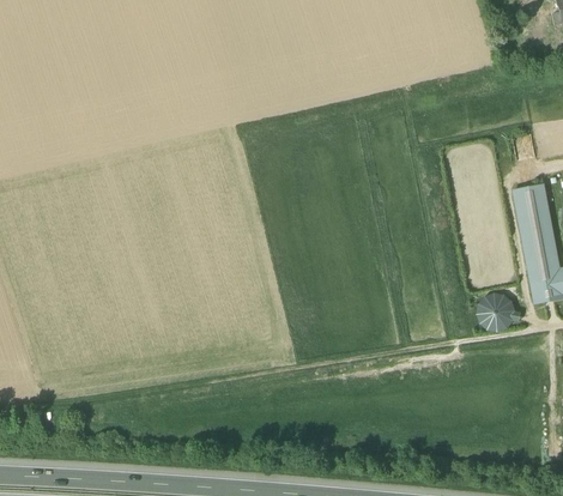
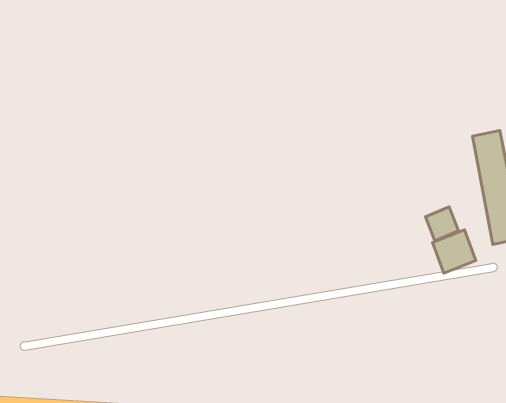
building: none -> [425,207,459,241]

